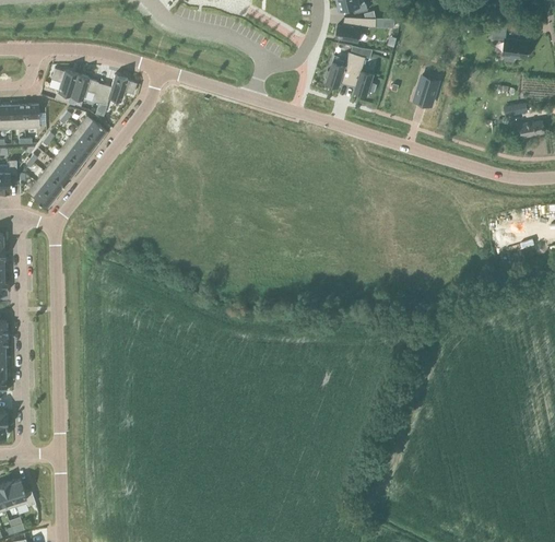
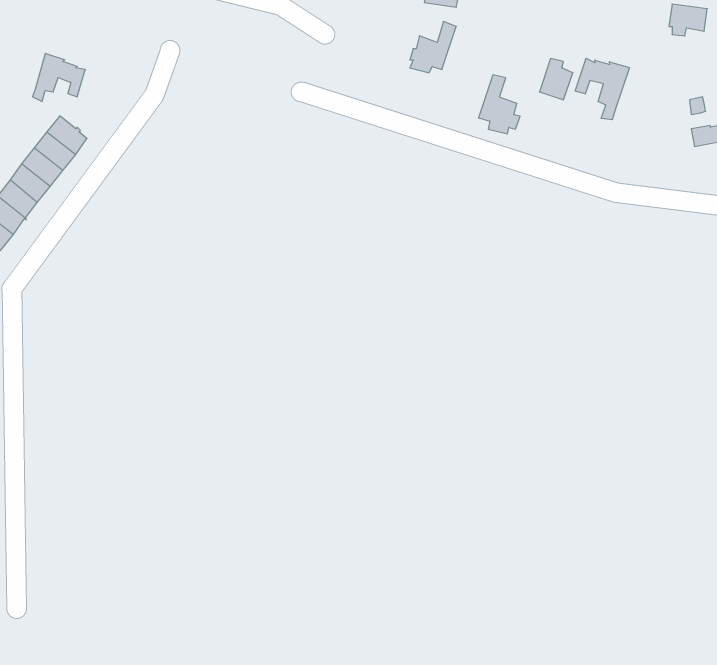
building: [347,55,376,95] -> [479,75,520,134]
building: [51,68,76,103] -> none
building: [98,74,137,105] -> none
building: none -> [575,58,630,120]

